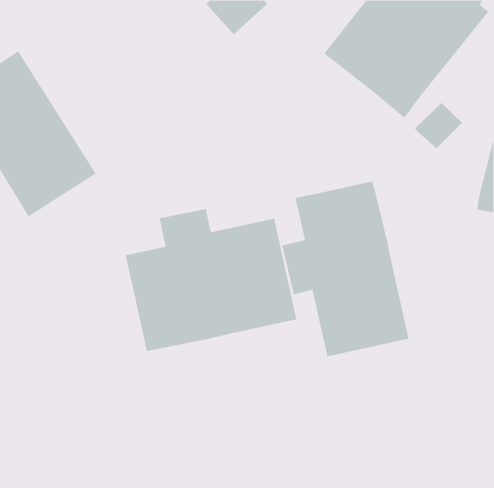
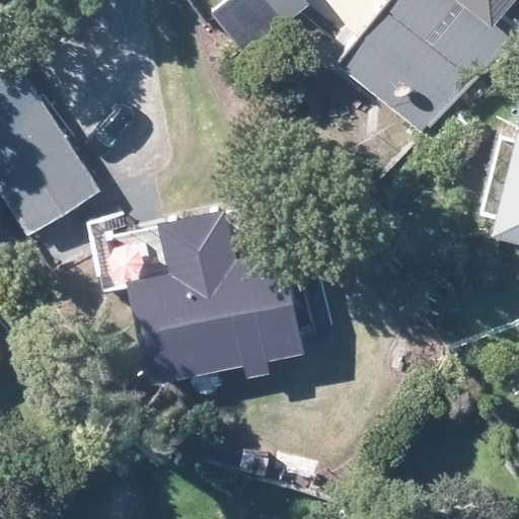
building: [282,180,409,357] -> none

